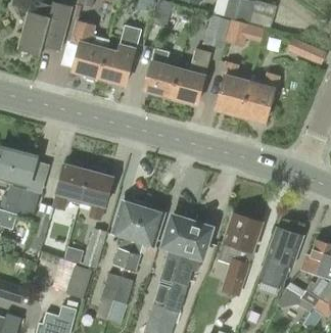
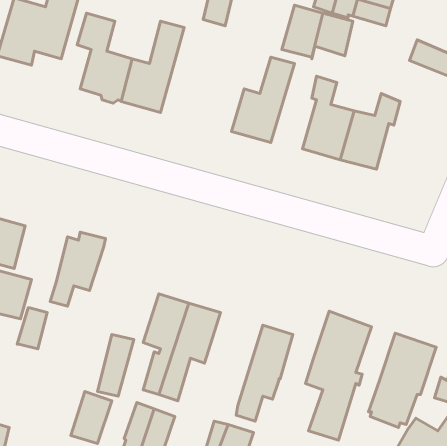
building: [143,48,178,96] -> none
building: [79,165,111,221] -> none
building: [159,217,190,285] -> none

